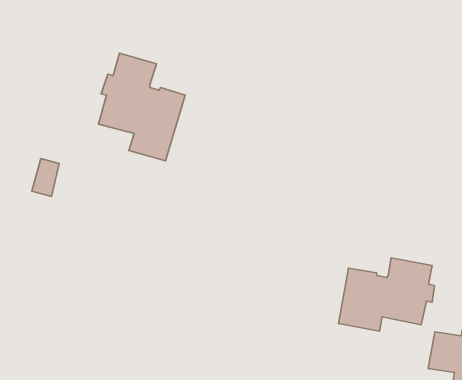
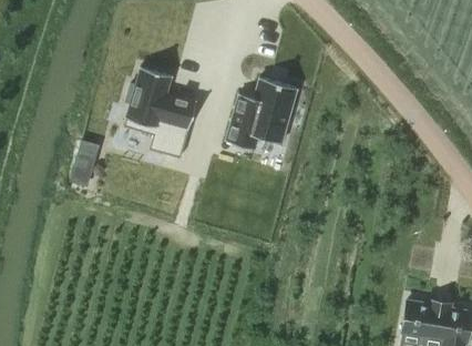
building: none -> [225,77,296,149]
building: [339,258,434,331] -> none

